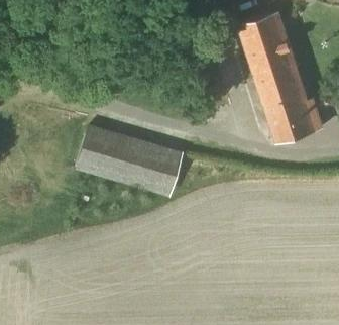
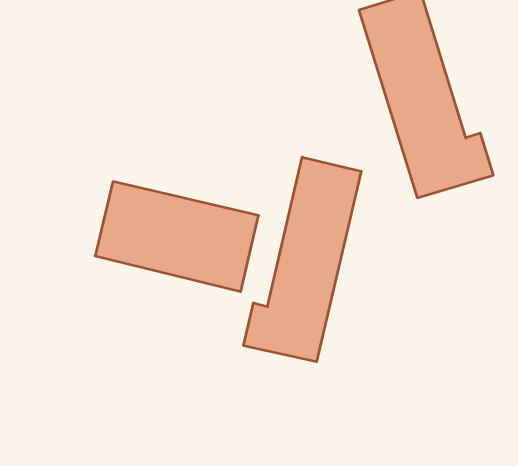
building: none -> [244,157,361,362]

